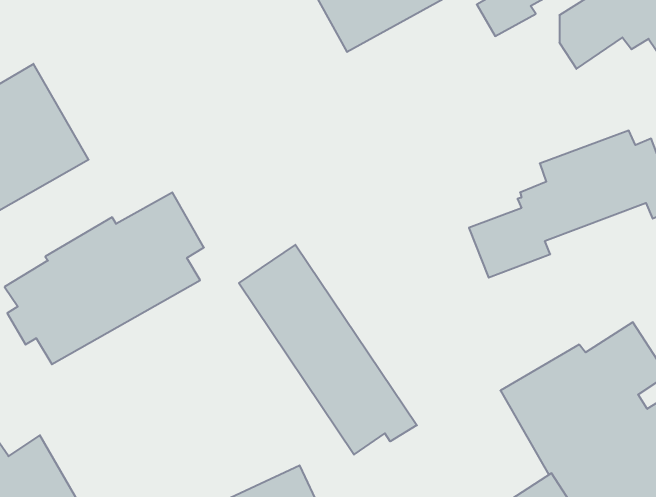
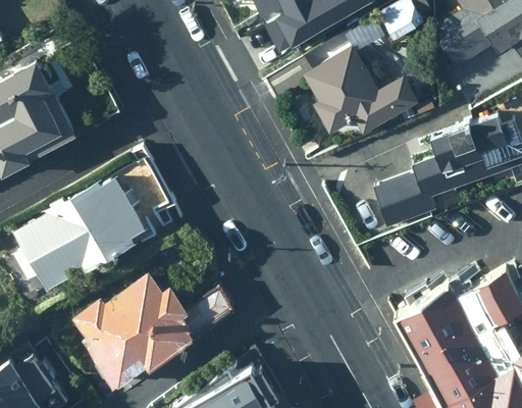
building: none -> [265,46,420,134]
building: [239,245,417,455] -> none
building: none -> [70,273,229,390]

